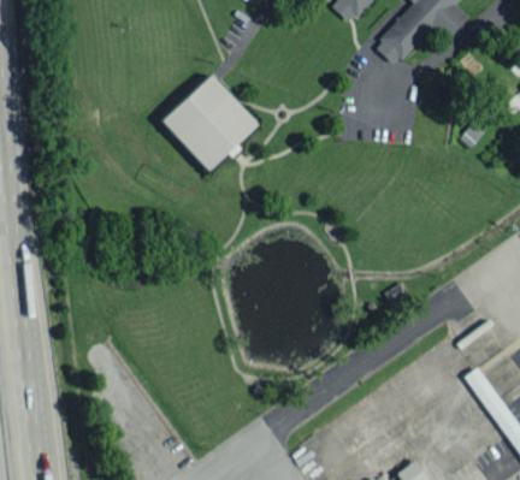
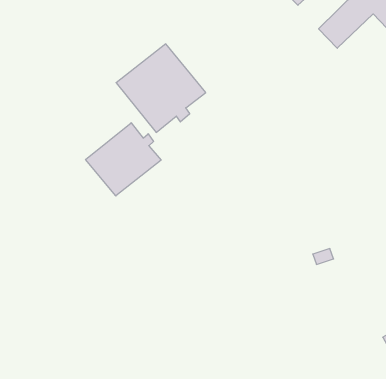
building: none -> [86,123,161,196]

